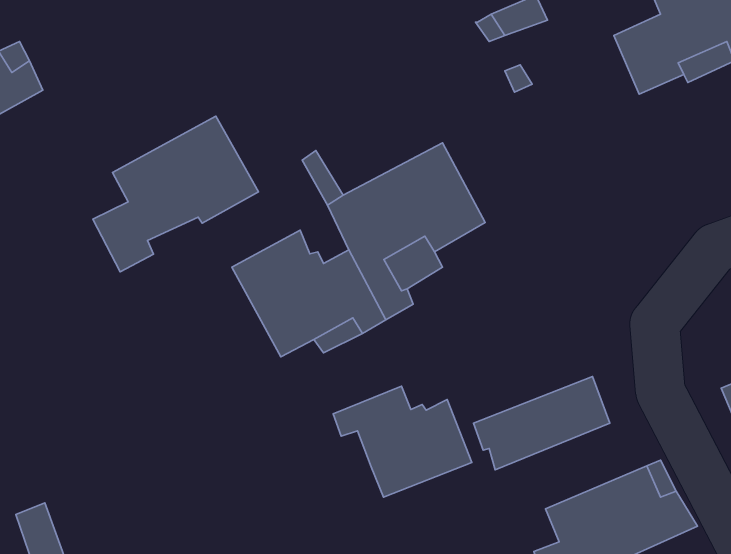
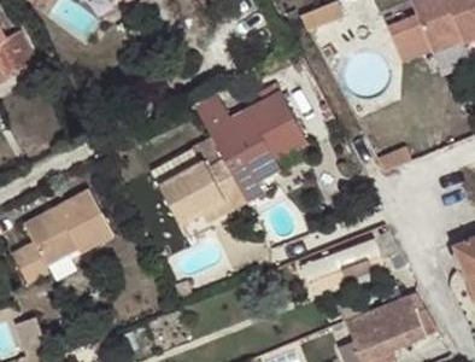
building: [93,116,259,272] -> [11,188,113,285]
building: [333,386,472,497] -> none

